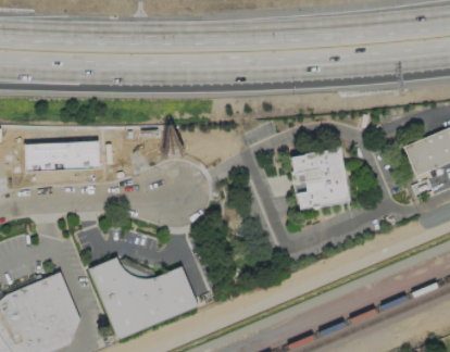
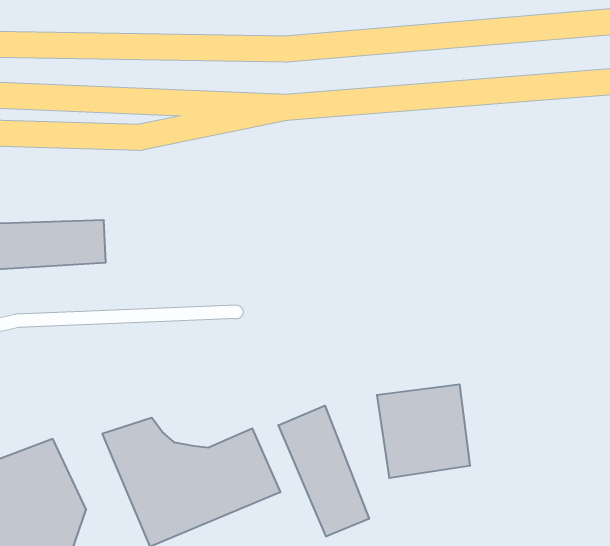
building: [295,152,352,210] -> [377,384,470,478]
building: none -> [278,406,369,537]

